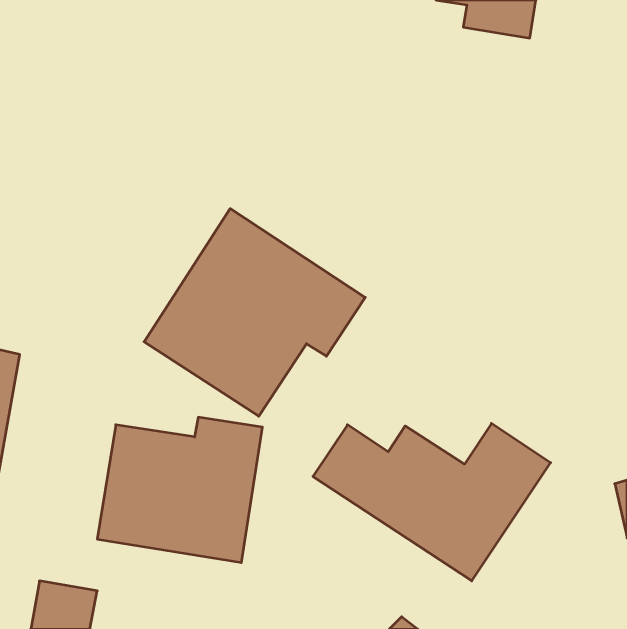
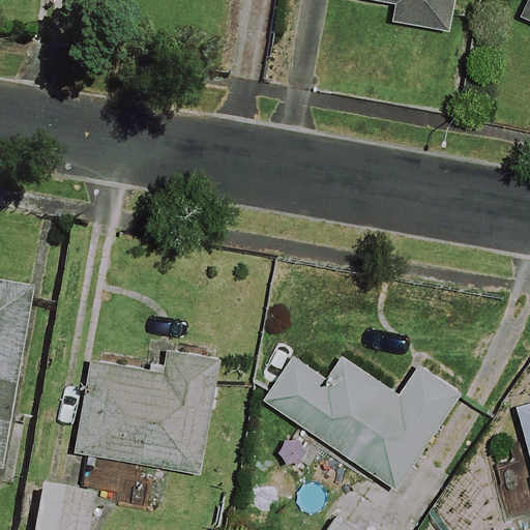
building: [144,209,365,416] -> none

